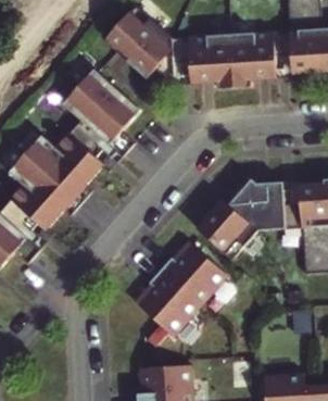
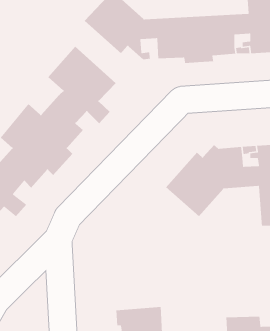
building: [134,240,228,337] -> none

